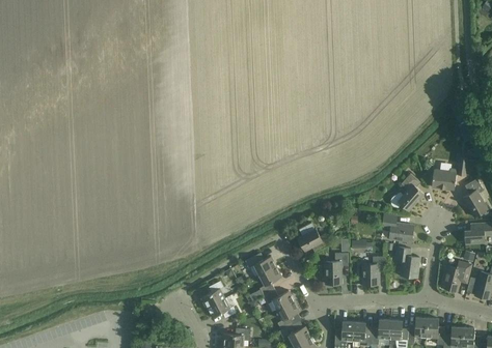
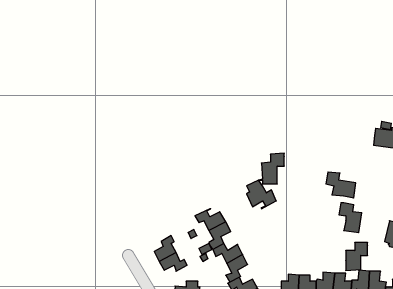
building: [390,174,422,211] -> none
building: [321,253,348,285] -> [258,153,284,184]
building: [362,257,385,286] -> [346,243,368,270]

